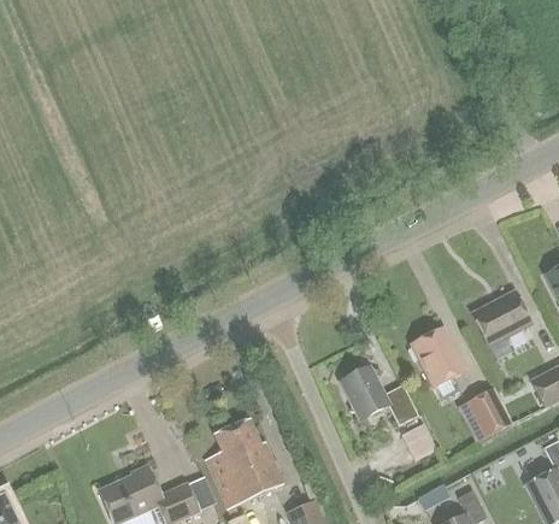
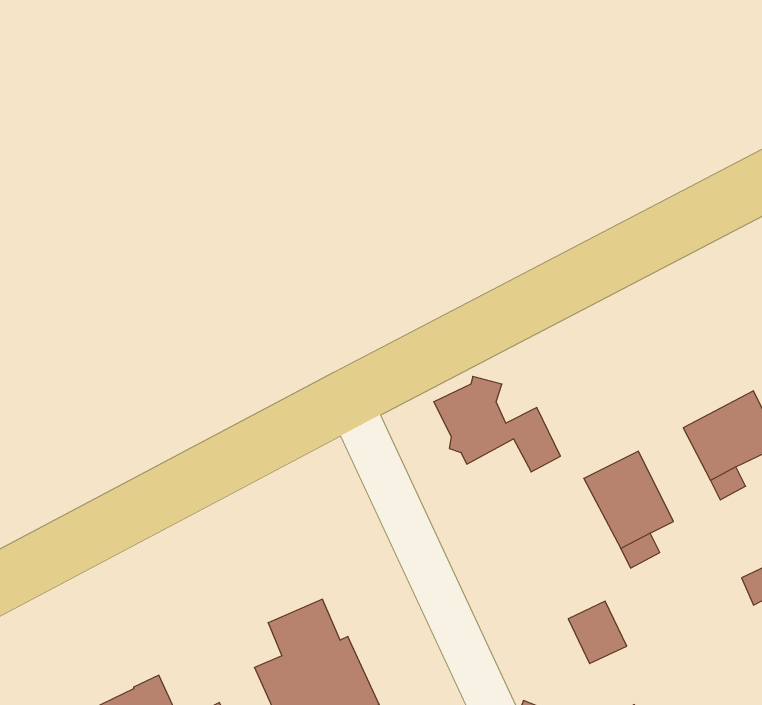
building: [340,365,418,424] -> [434,376,560,472]
building: [467,388,510,436] -> none

